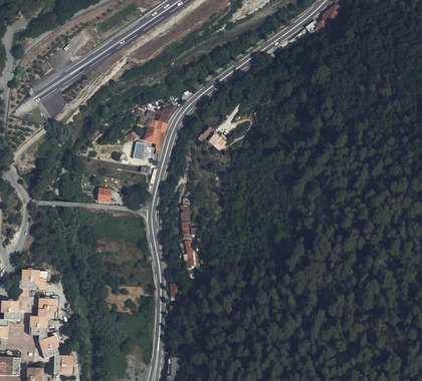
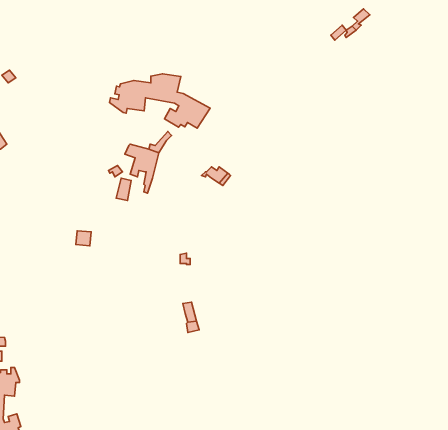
building: none -> [110,74,210,128]

